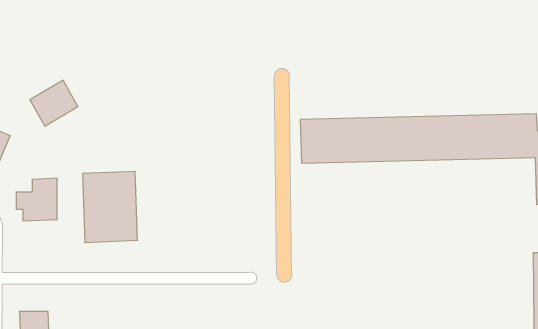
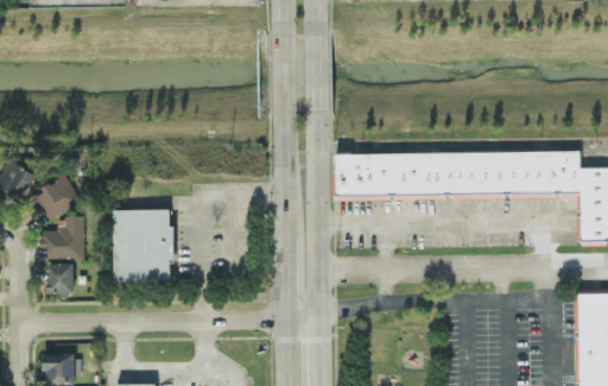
building: [30,80,78,126] -> [31,173,81,221]
building: none -> [46,262,74,292]

